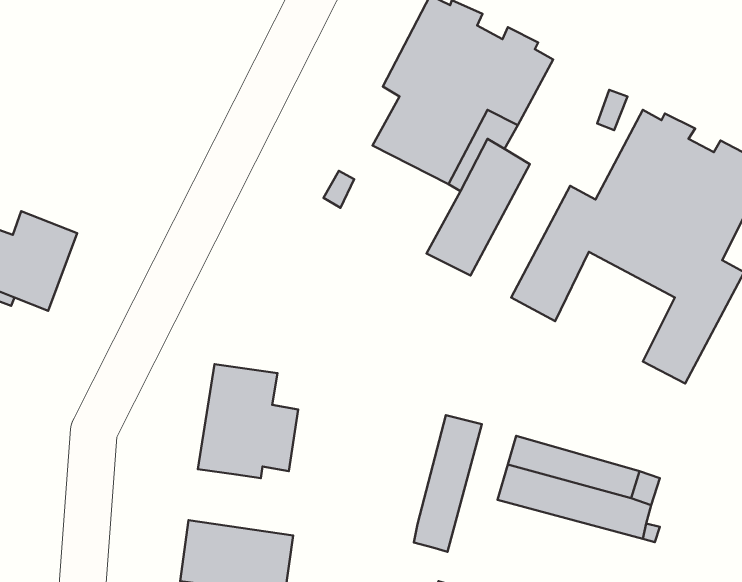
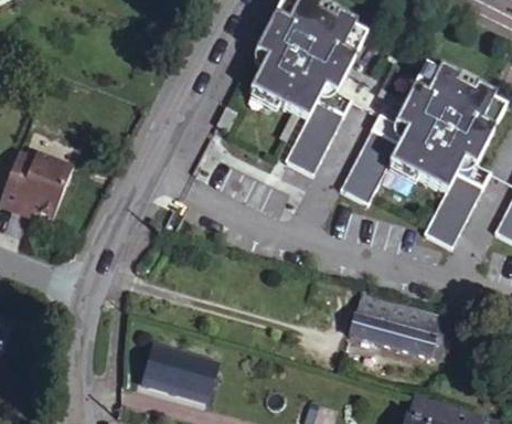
building: [198,364,298,478] -> none
building: [414,415,482,552] -> none

